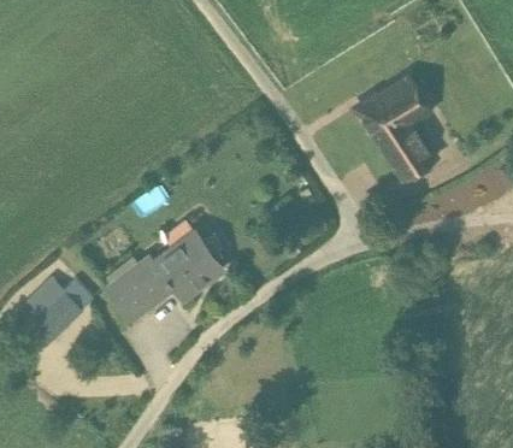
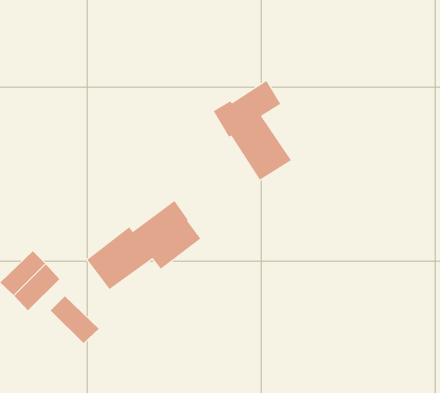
building: [355,77,435,178] -> [213,80,292,180]
building: none -> [50,295,100,344]

